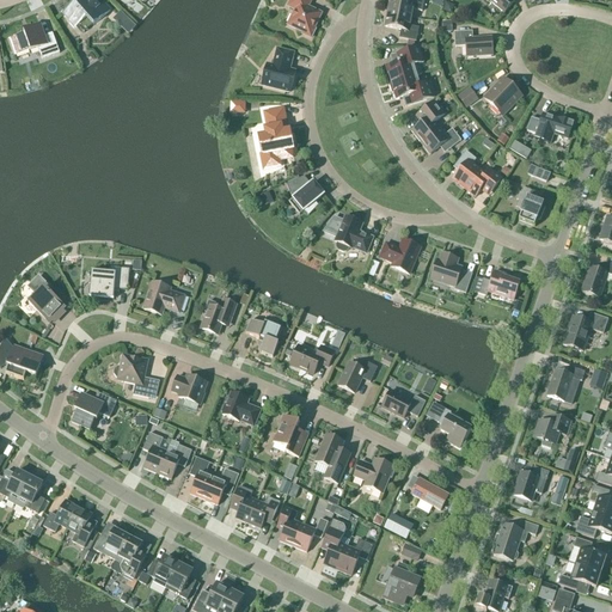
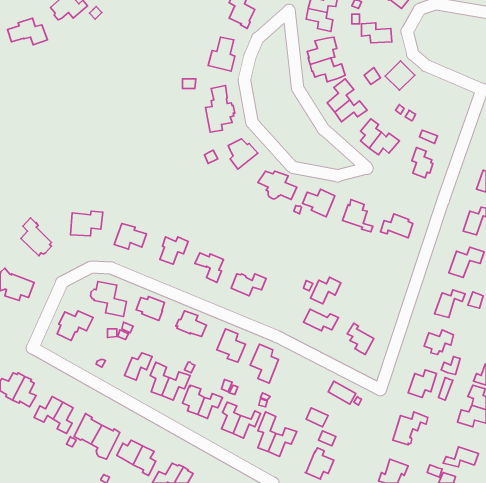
building: [527,111,573,141] -> none
building: [338,357,377,391] -> [310,277,341,304]
building: [142,432,166,472] -> none
building: [354,458,394,491] -> none
building: [568,536,606,570] -> none

